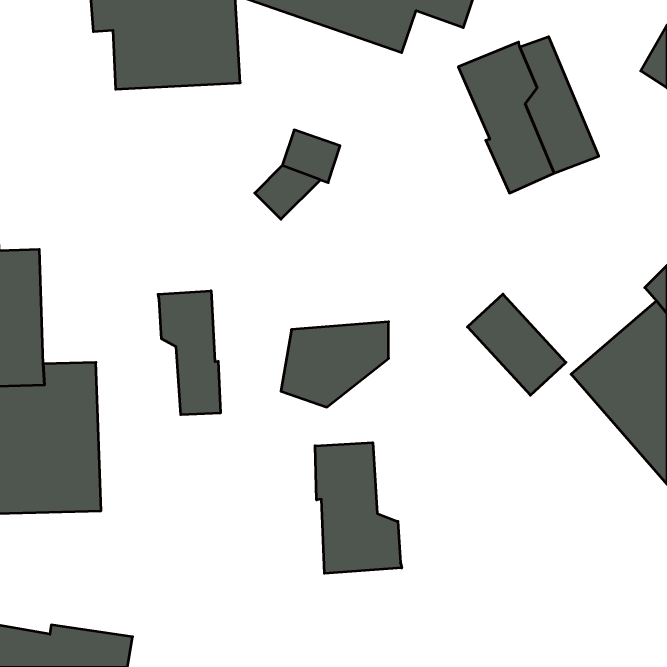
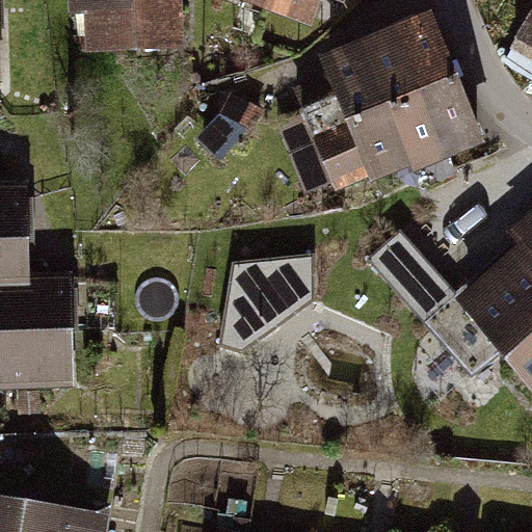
building: none -> [294,53,403,182]
building: [158,291,220,415] -> none
building: [315,443,402,573] -> none

